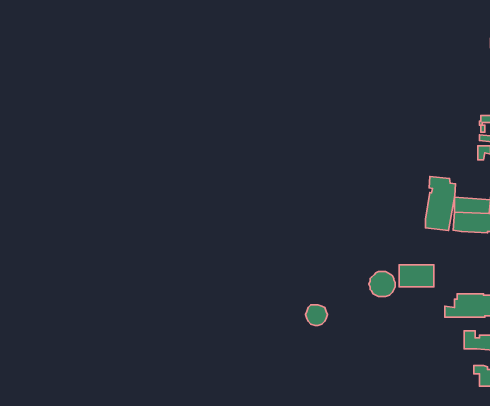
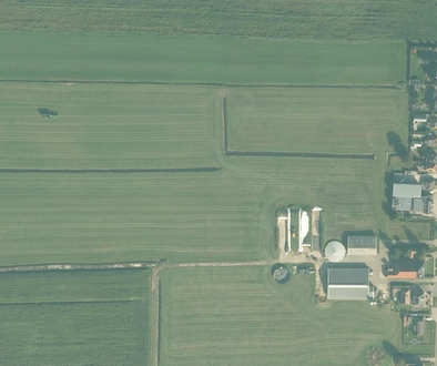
building: [425,176,456,231] -> none
building: none -> [327,268,373,296]

